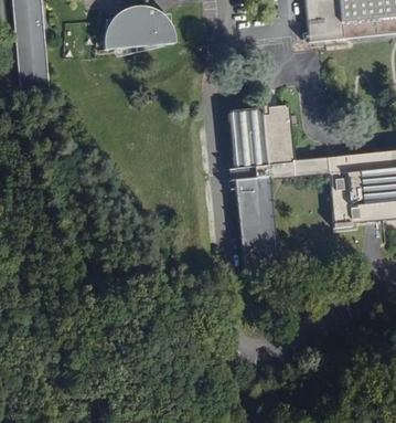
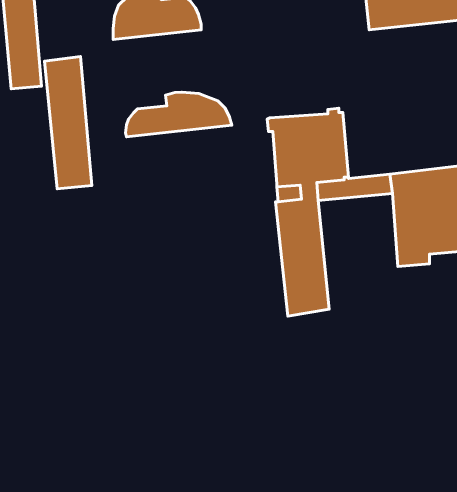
building: none -> [44,56,92,189]
building: none -> [125,92,232,137]

